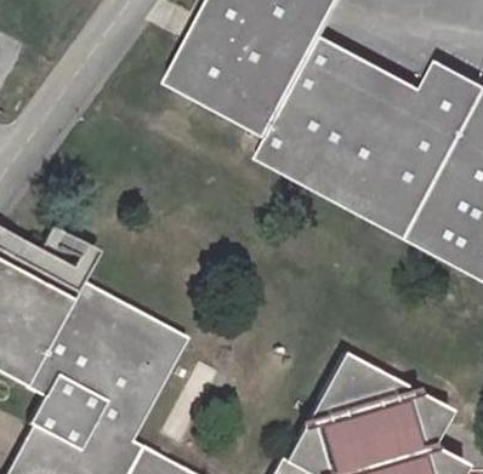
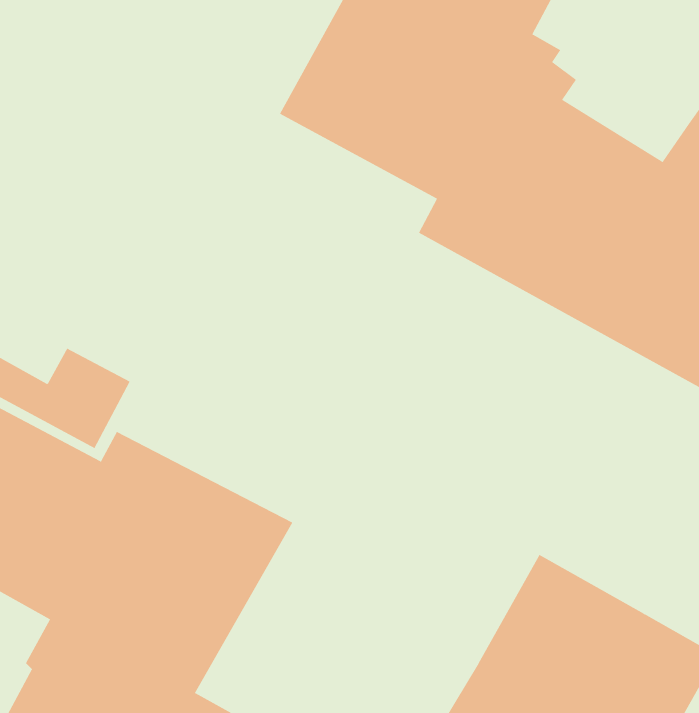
building: [346,50,428,118] -> none

